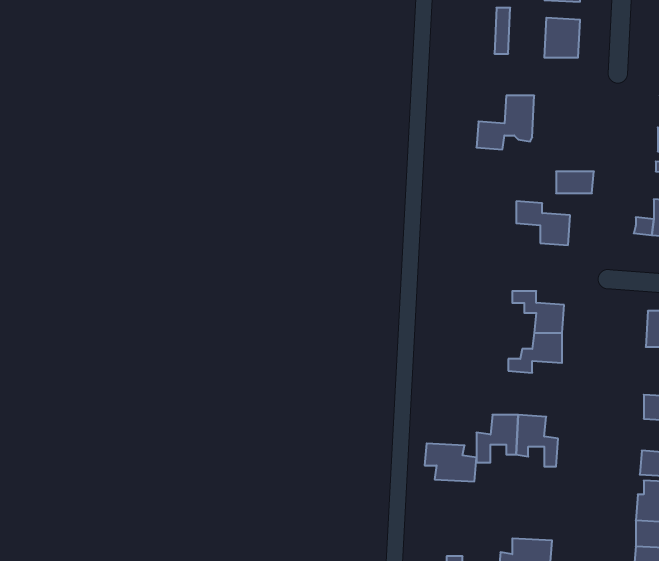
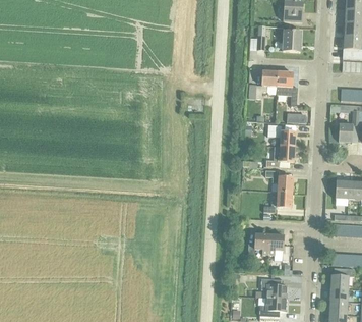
building: none -> [277,69,297,104]
building: none -> [266,144,295,165]
building: [425,443,476,481] -> [261,277,288,297]

